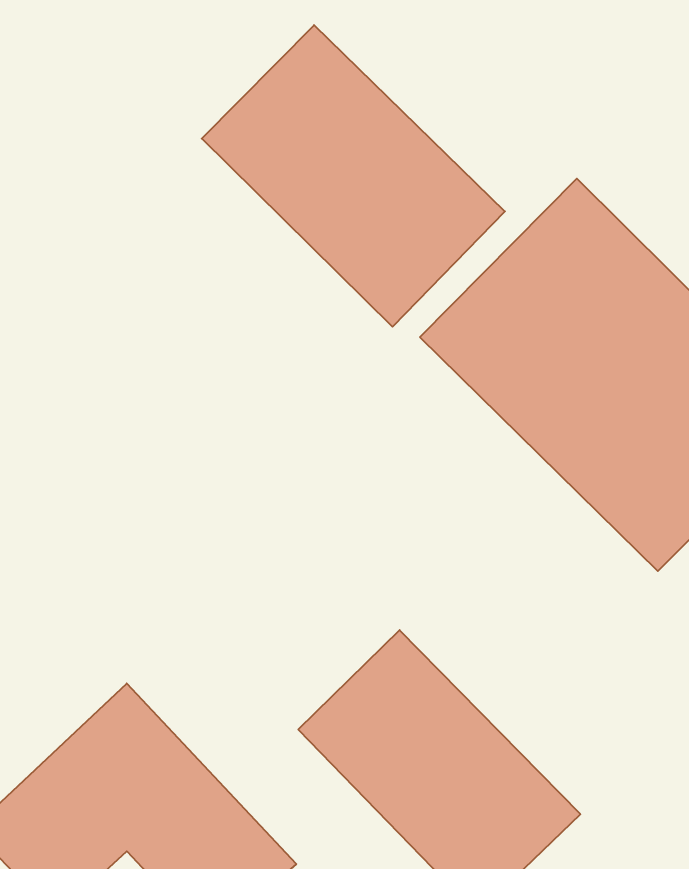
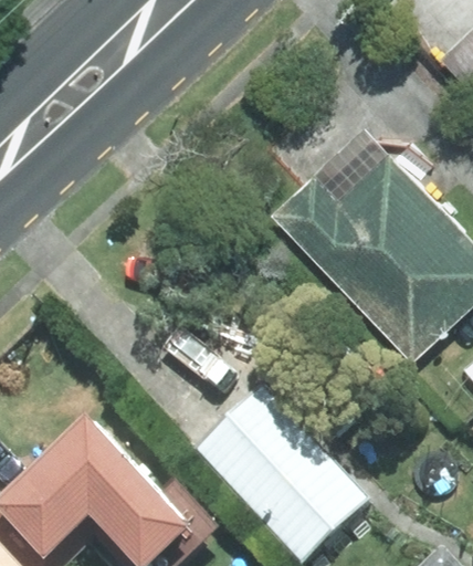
building: [202,25,505,327] -> none

